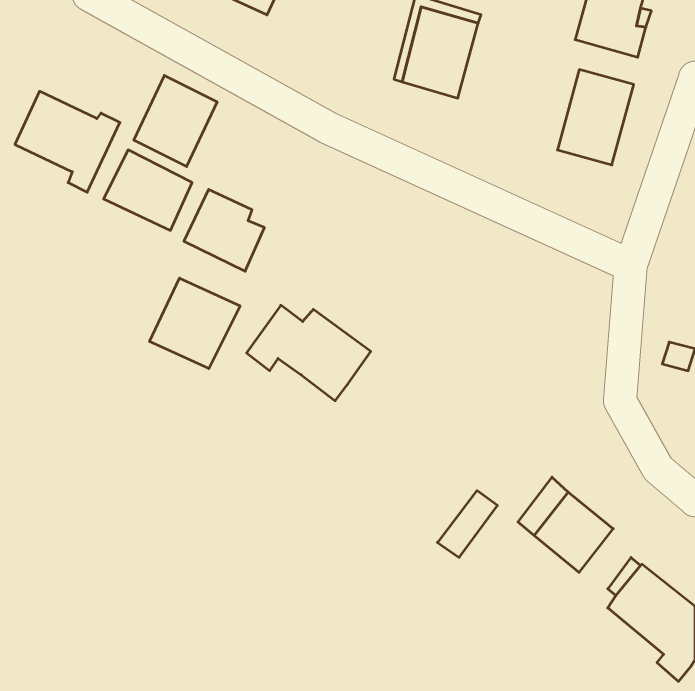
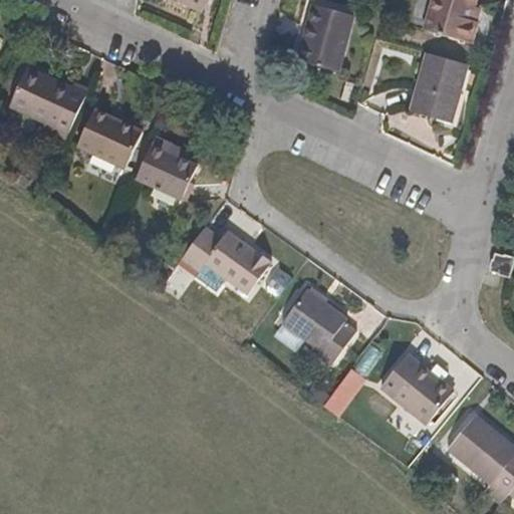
building: [134,75,217,167] -> none
building: [150,278,240,369] -> none
building: none -> [281,286,355,364]

